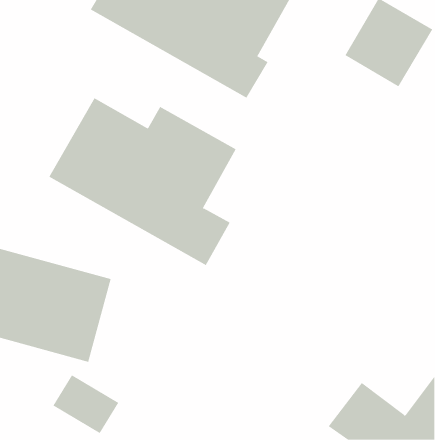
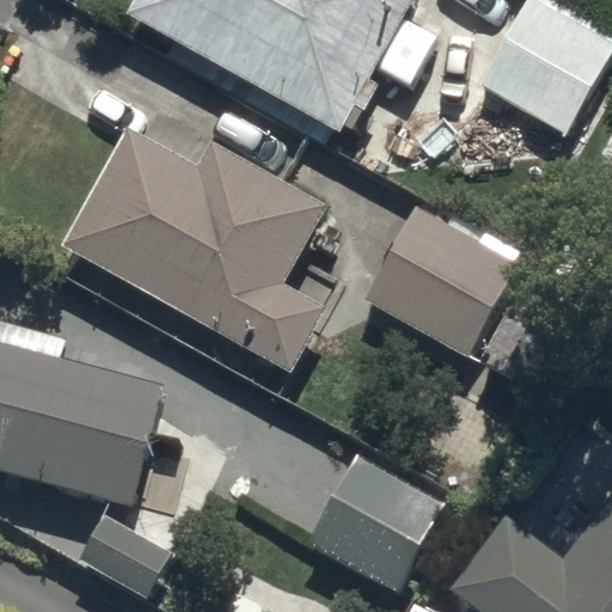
building: none -> [375,216,546,380]
building: none -> [322,471,446,588]

